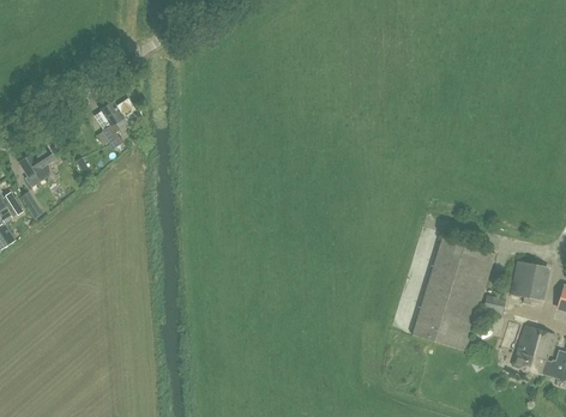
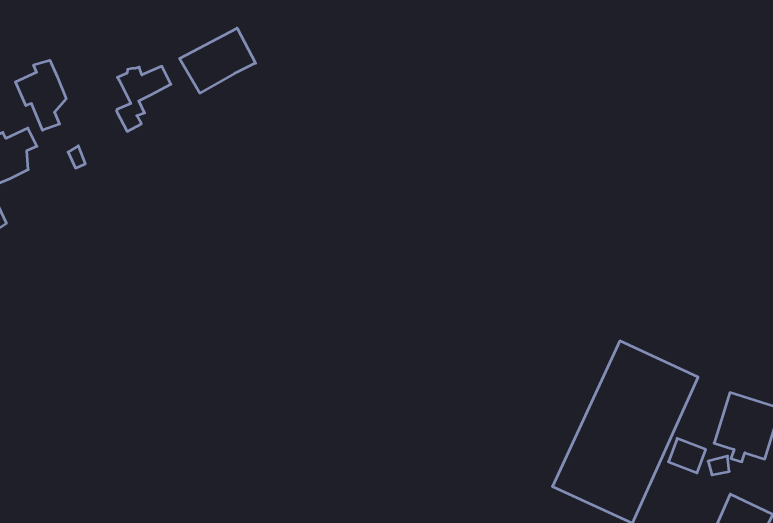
building: none -> [180,28,256,93]
building: none -> [15,60,66,130]

